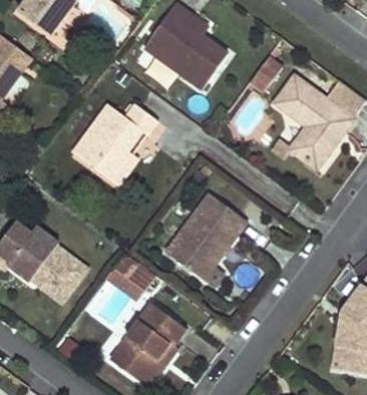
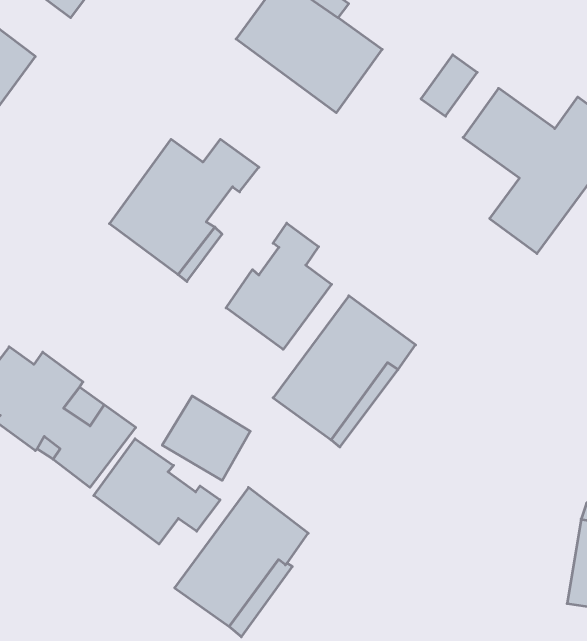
building: none -> [226,223,332,349]
building: none -> [94,439,220,544]

